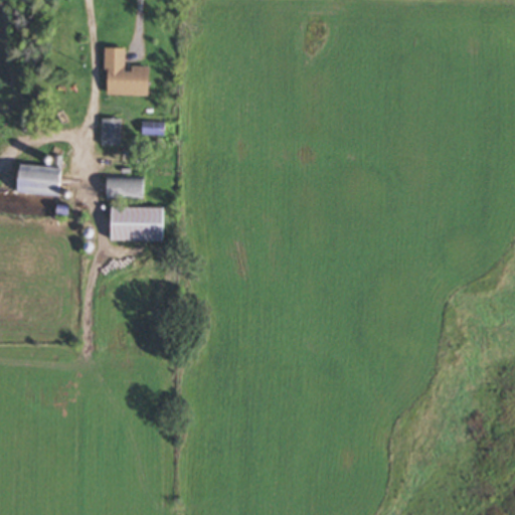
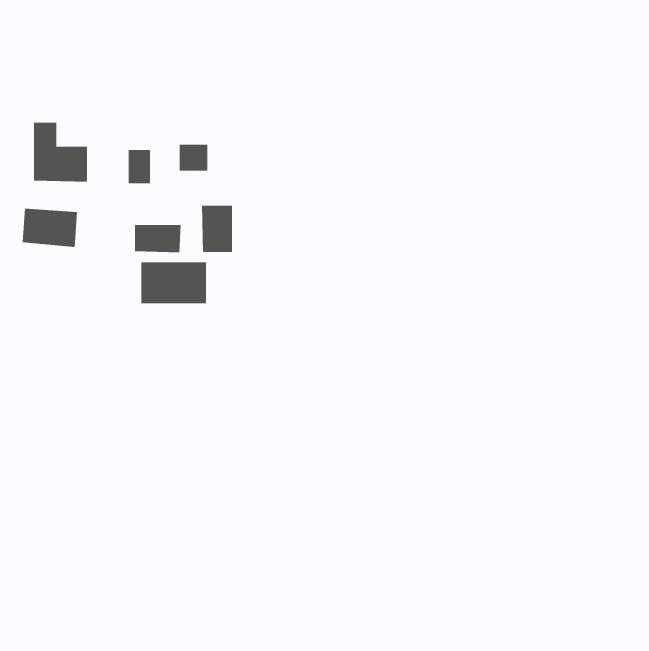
building: [105,47,148,95] -> [33,122,88,182]
building: none -> [201,205,233,253]

